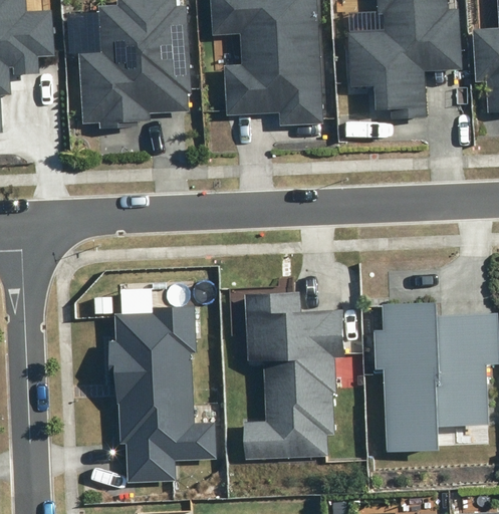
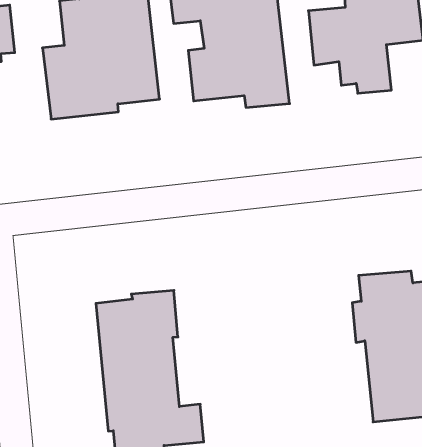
building: [243,291,344,459] -> none

